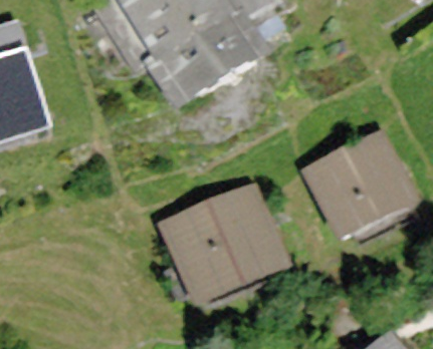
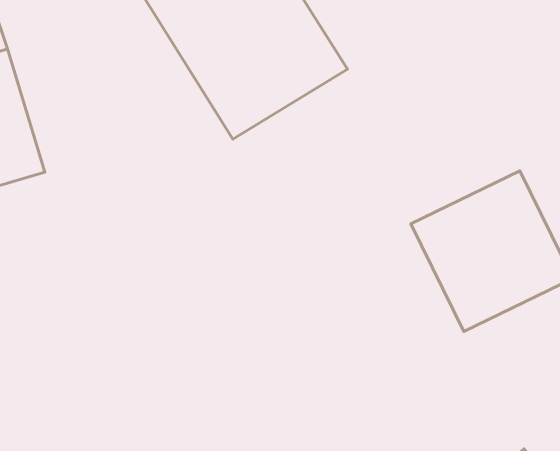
building: [160,184,287,307] -> none

